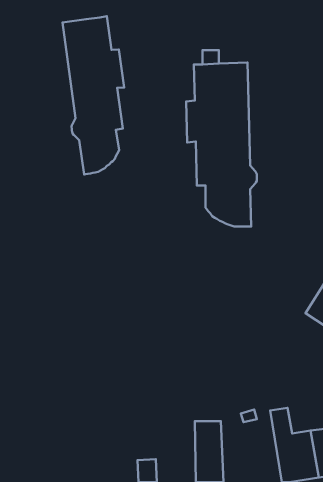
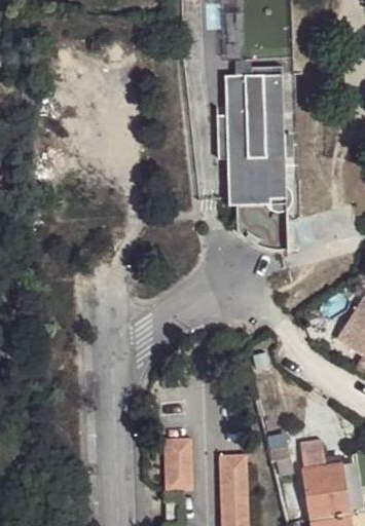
building: [62,16,124,175] -> none
building: none -> [160,434,192,490]

